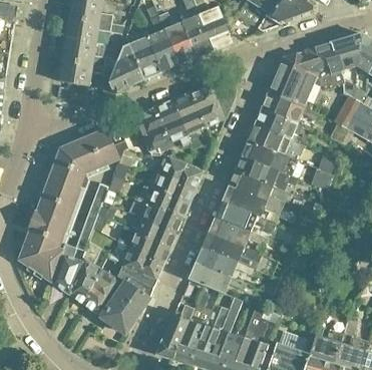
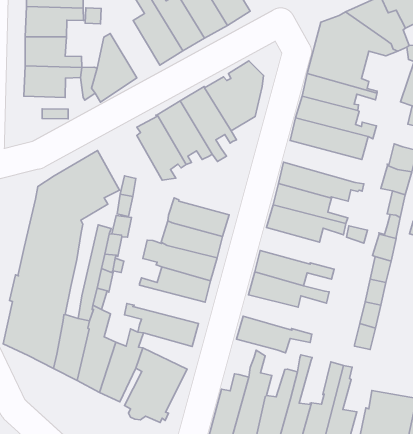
building: [127,33,160,78] -> none
building: [241,139,298,176] -> none
building: [157,155,202,188] -> none
building: [215,201,274,232] -> none
building: [116,230,169,264] -> none
building: [196,248,252,278] -> none
building: [116,265,155,296] -> none

